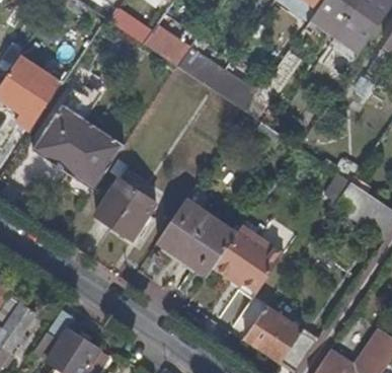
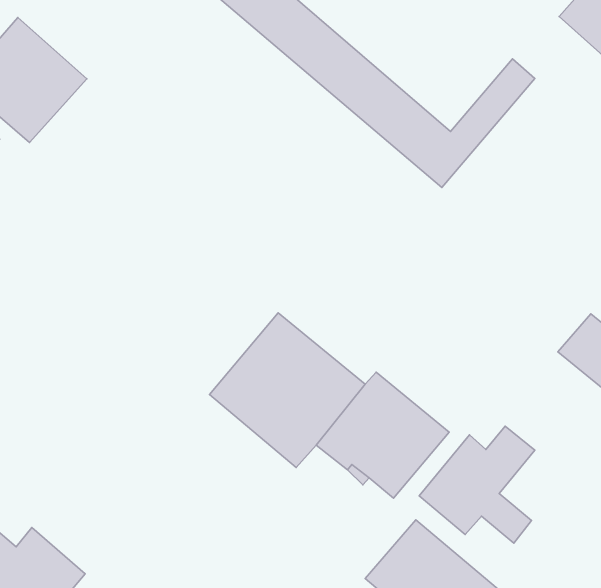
building: [31,104,121,190] -> none
building: [94,178,154,239] -> none
building: none -> [419,426,535,543]

